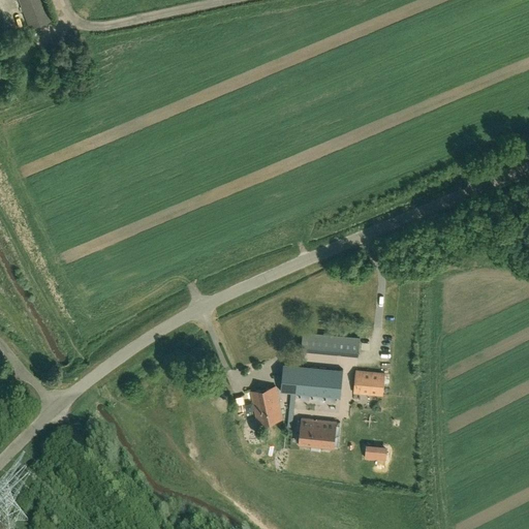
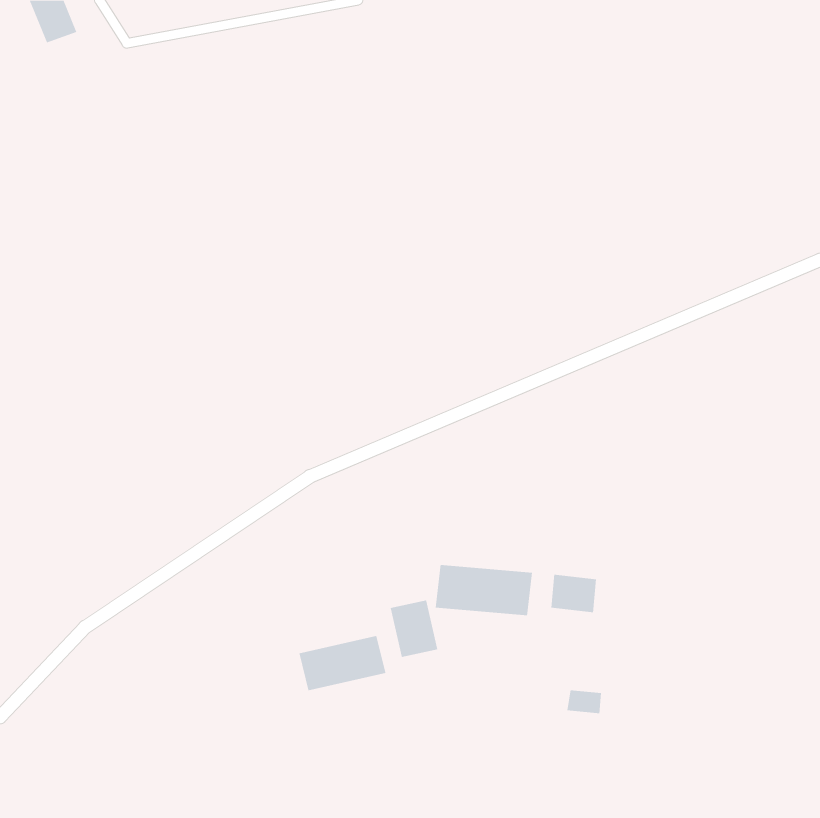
building: [302,334,360,356] -> none
building: none -> [299,635,386,691]
building: [299,418,337,449] -> none

